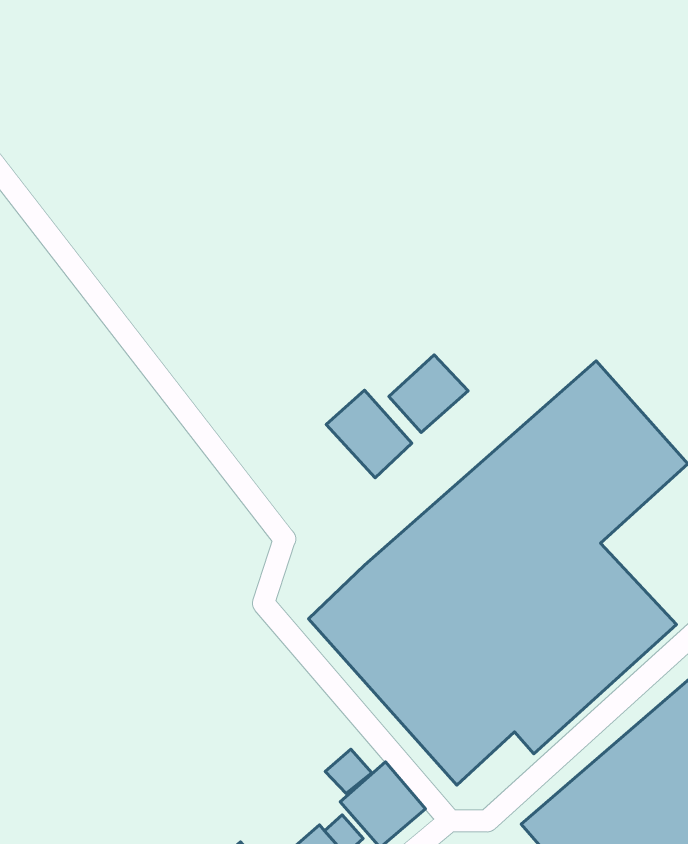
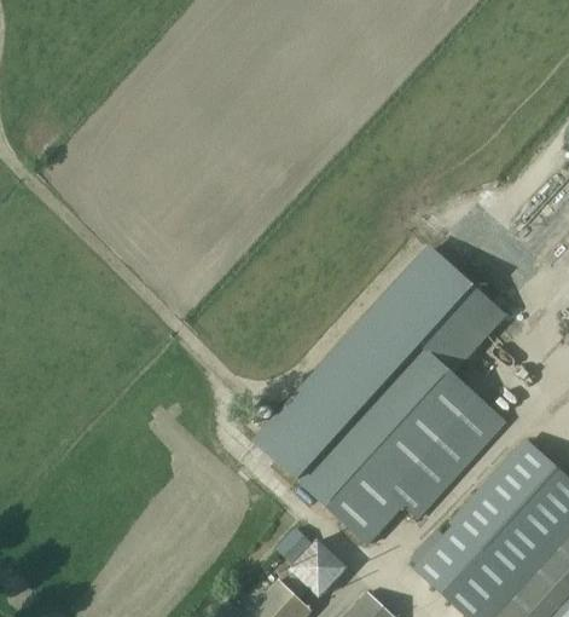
building: [389,355,468,433] -> none
building: [326,390,412,478] -> none

